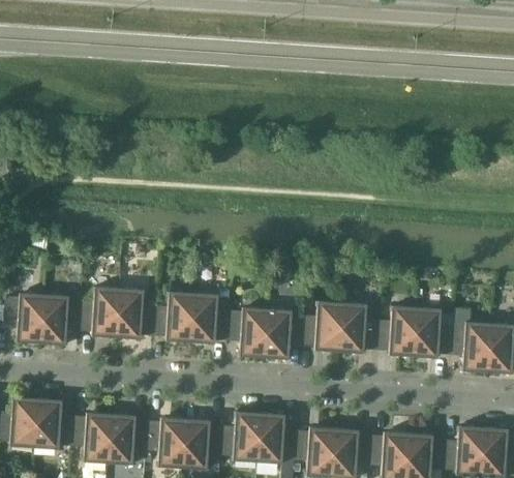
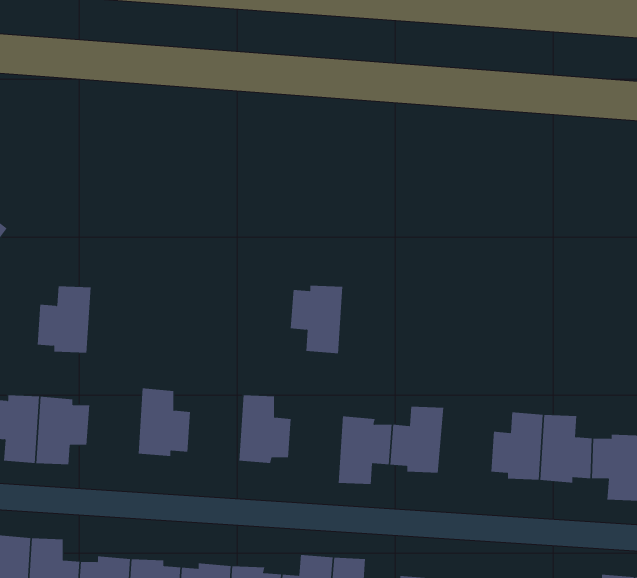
building: [80,287,120,336] -> [37,286,91,353]
building: [154,291,194,341] -> none
building: [339,302,380,353] -> none
building: [229,307,268,358] -> [290,285,343,354]

